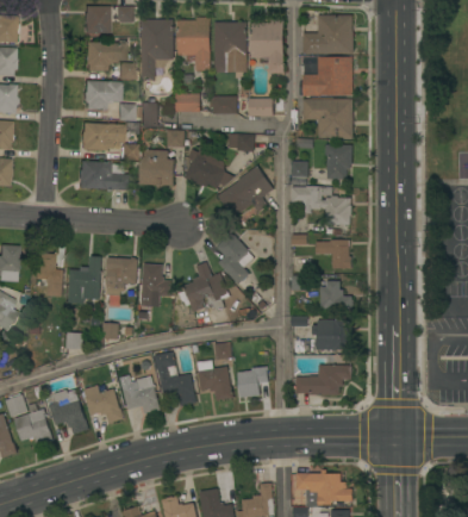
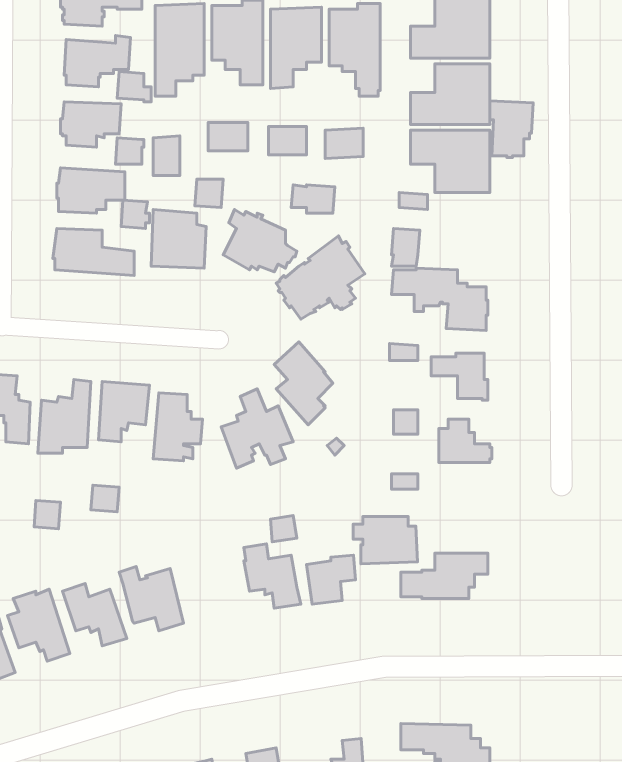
building: [325,144,352,180] -> [490,101,533,158]
building: [312,320,352,350] -> [353,517,418,564]
building: [154,351,196,406] -> none

